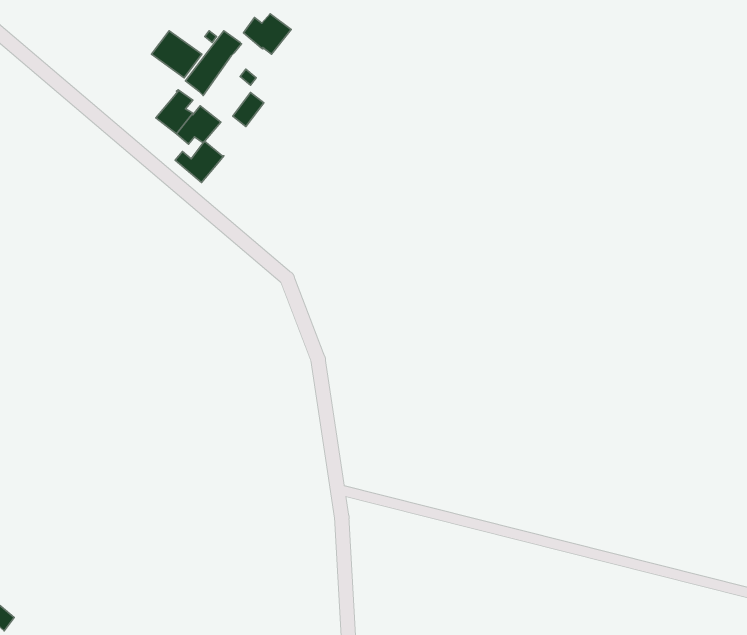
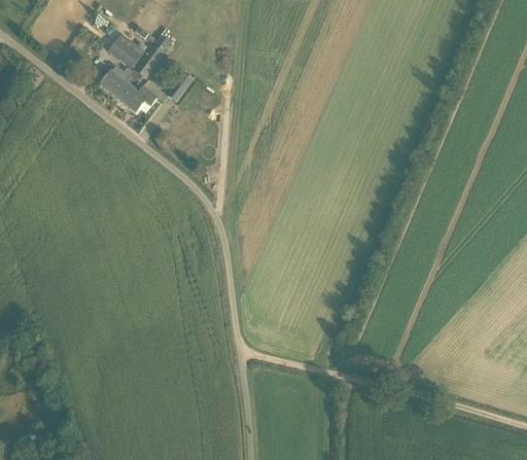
building: [243,14,291,54] -> none
building: [175,141,224,182] -> [91,64,125,93]

